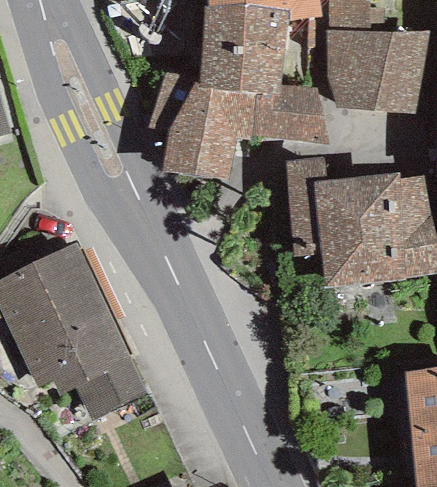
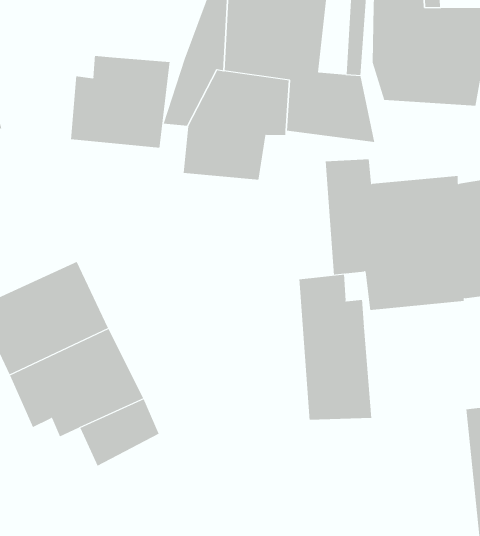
building: none -> [70,55,170,149]
building: none -> [299,274,372,421]

